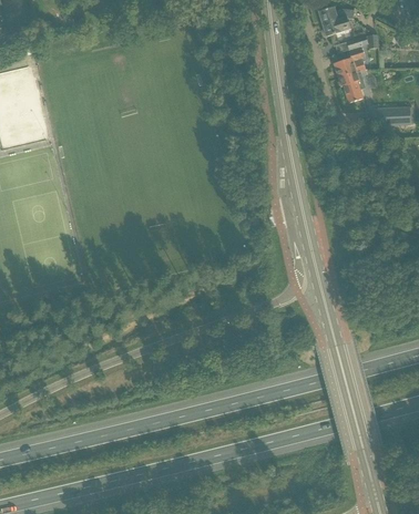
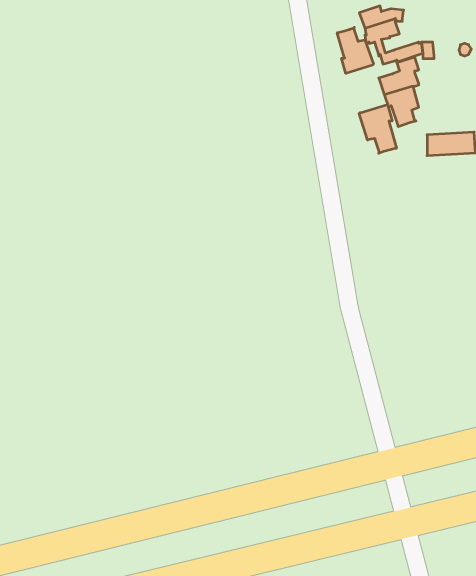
building: none -> [337,27,373,73]
building: none -> [359,105,396,153]

